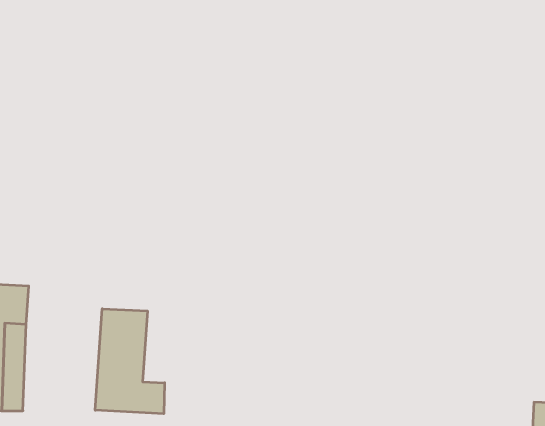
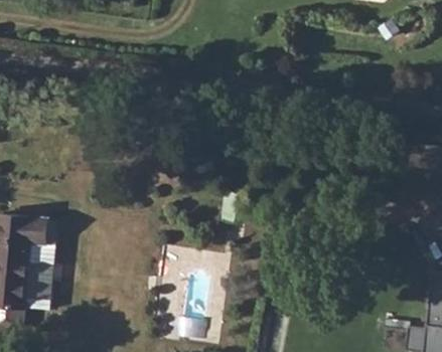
building: [95,309,165,414] -> none

